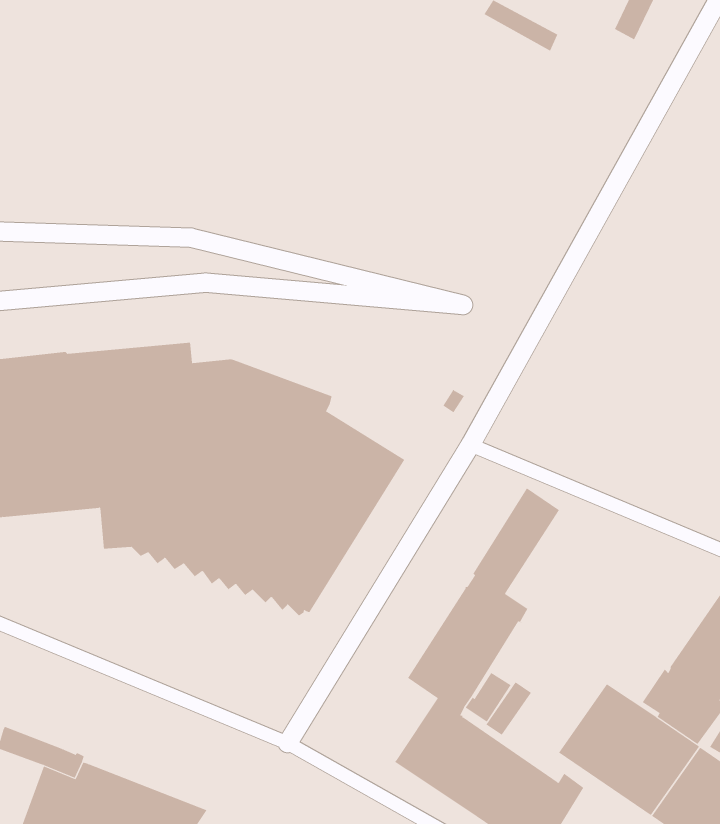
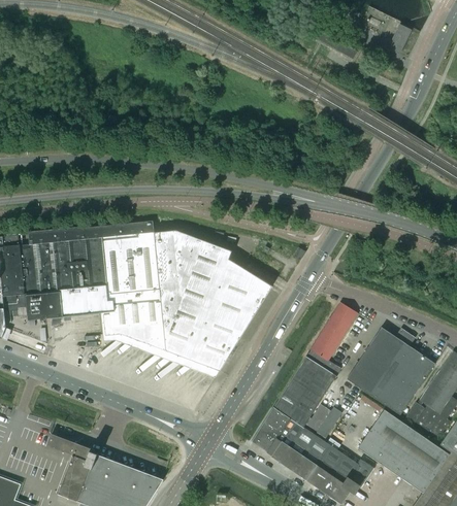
building: none -> [347,328,435,415]
building: none -> [252,407,290,452]

